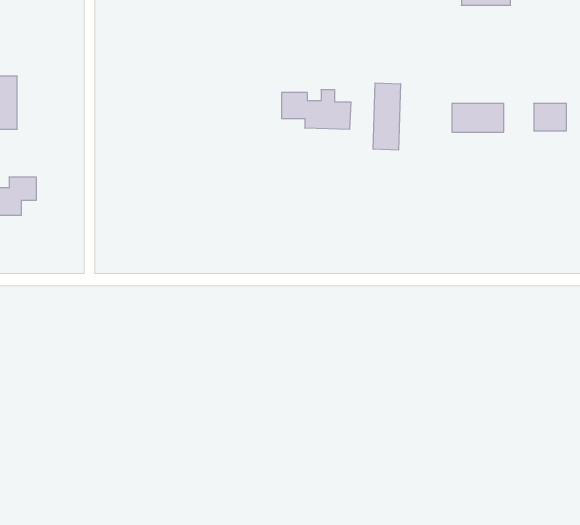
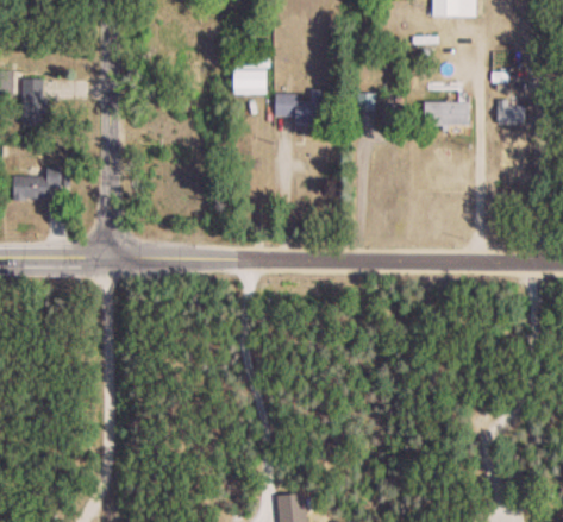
building: none -> [234,70,265,92]
building: [373,83,401,150] -> none

